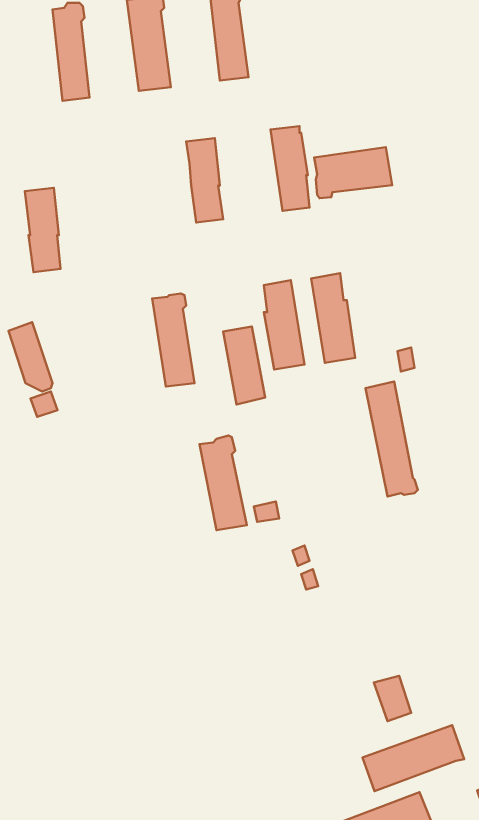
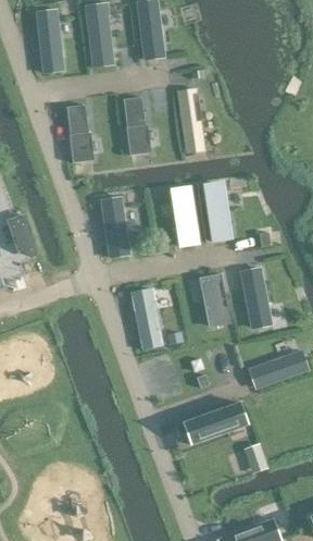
building: [314,147,392,198] -> none
building: [25,188,61,272] -> [66,104,89,159]
building: [223,327,265,404] -> [201,276,228,327]
building: none -> [249,351,306,388]
building: [363,725,464,791] -> [183,403,248,445]

